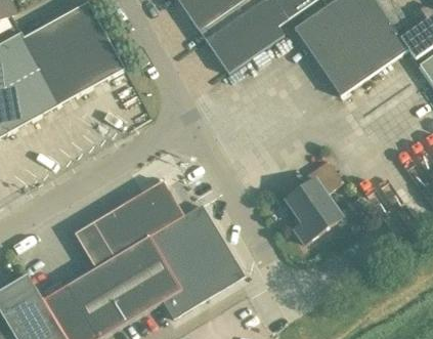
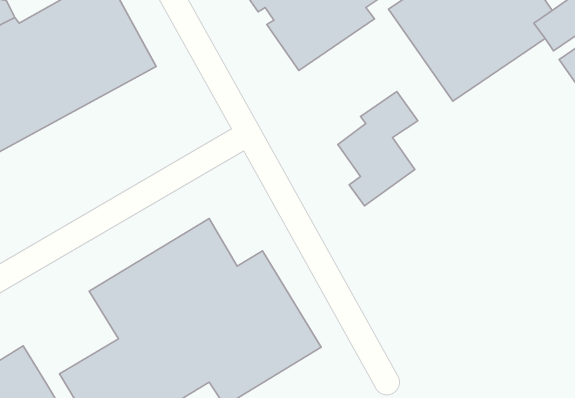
building: [285,160,343,244] -> [338,91,418,206]

